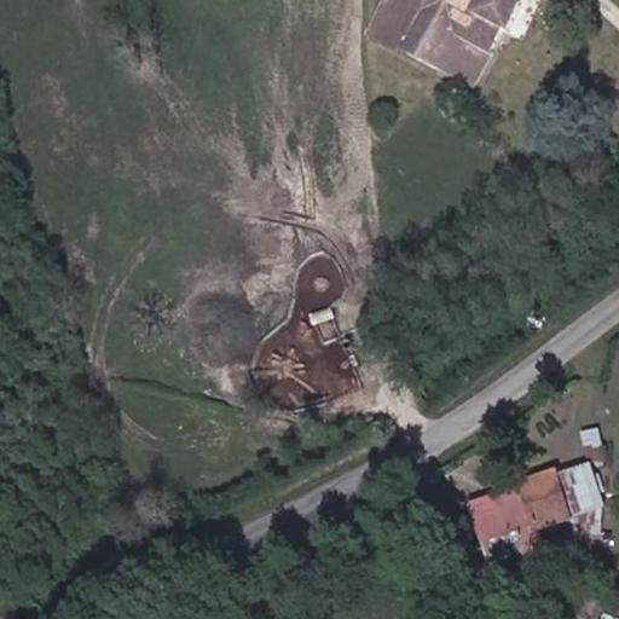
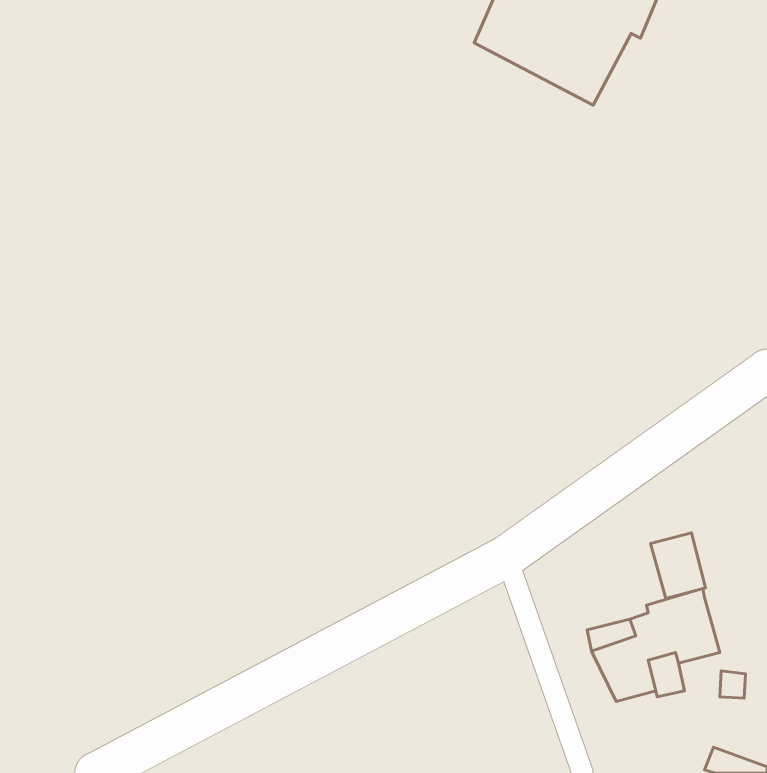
building: [559,465,602,517] -> [650,533,705,599]

